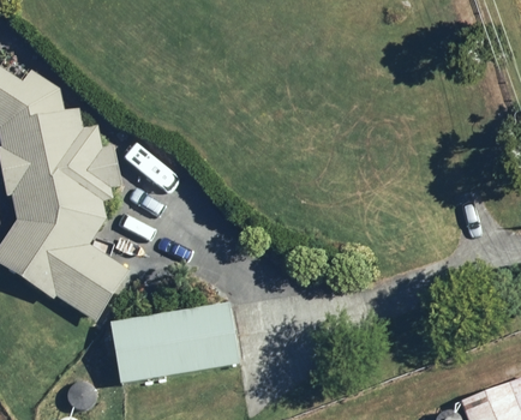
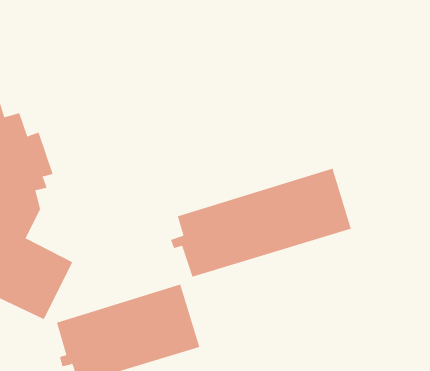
building: none -> [170,168,352,278]

